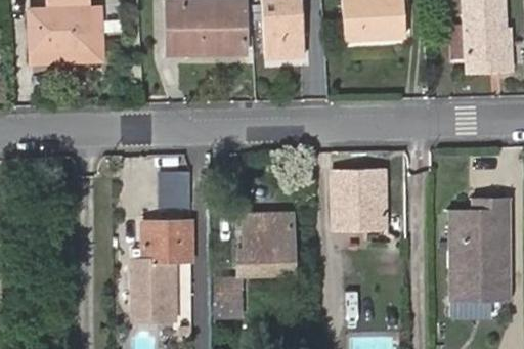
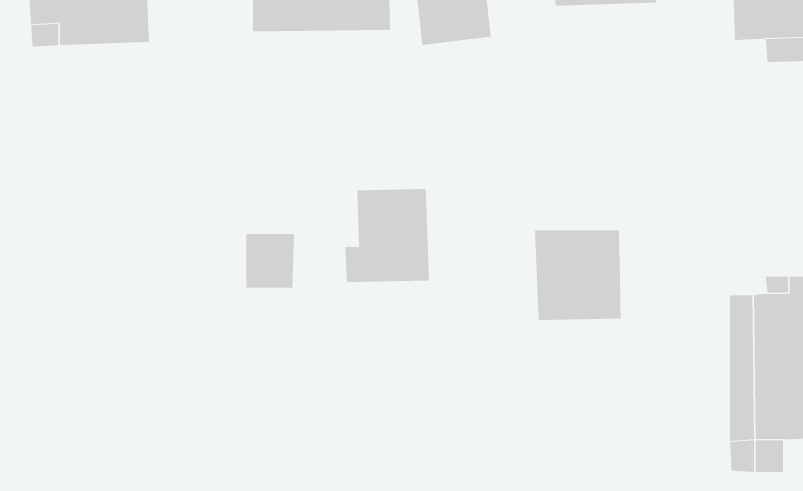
building: [241,216,292,272] -> [344,189,430,283]
building: [129,223,191,318] -> none
building: [216,277,243,316] -> none

